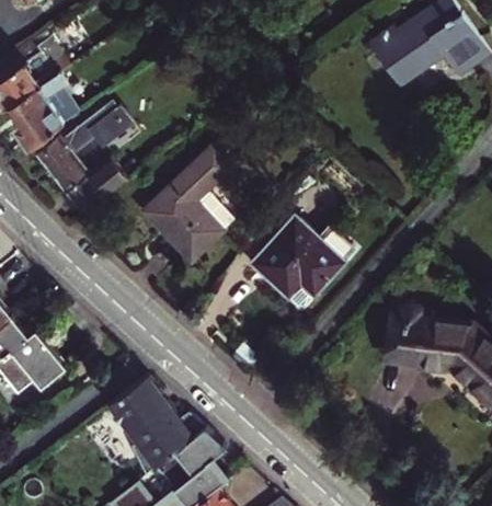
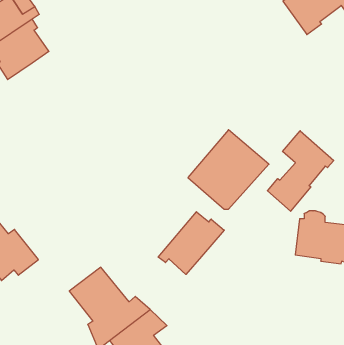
building: [31,104,127,218] -> none
building: [148,147,237,261] -> none
building: none -> [267,131,334,211]
building: none -> [158,212,224,274]

